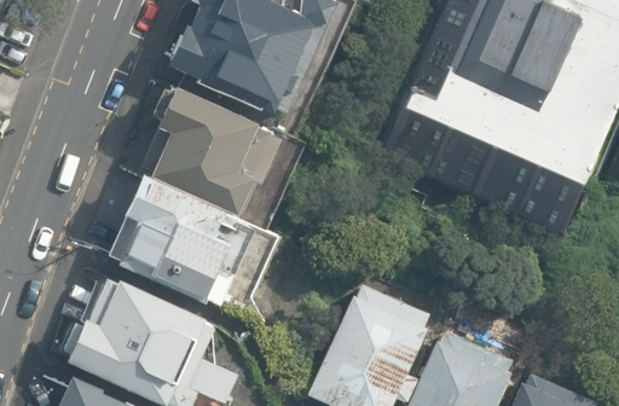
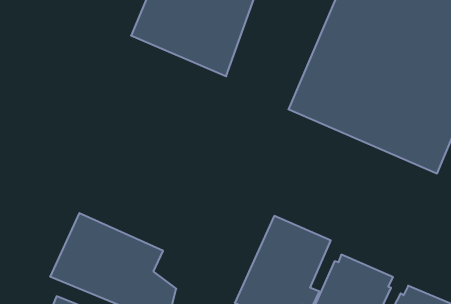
building: [144,81,283,214] -> none
building: [112,172,270,311] -> none

